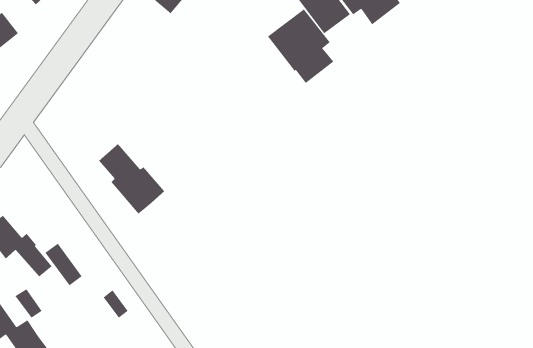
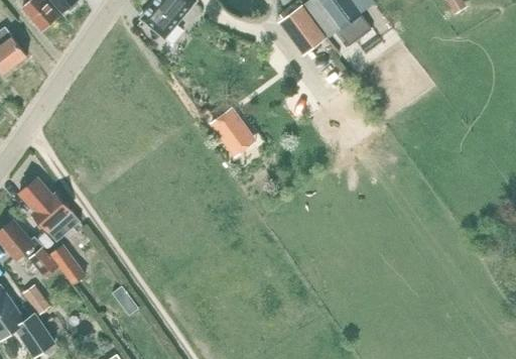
building: [267,8,334,84] -> none
building: none -> [211,109,247,150]
building: [98,143,165,214] -> [19,176,80,241]

